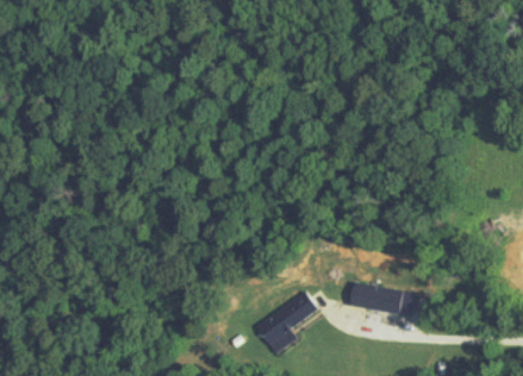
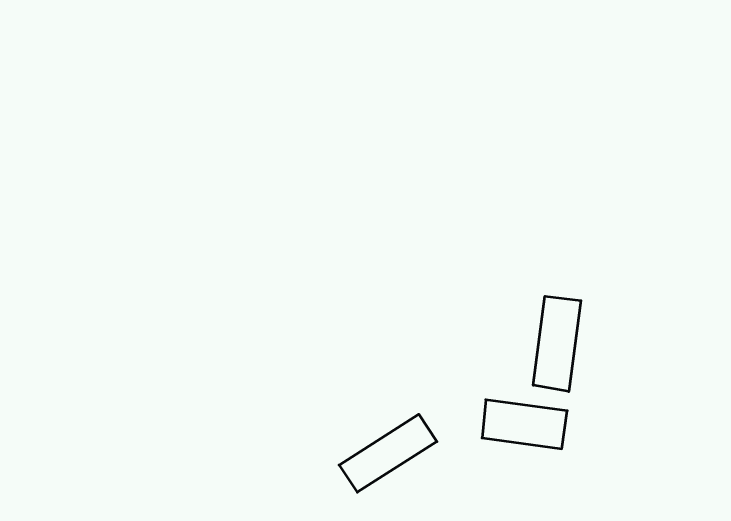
building: none -> [533,296,581,392]

